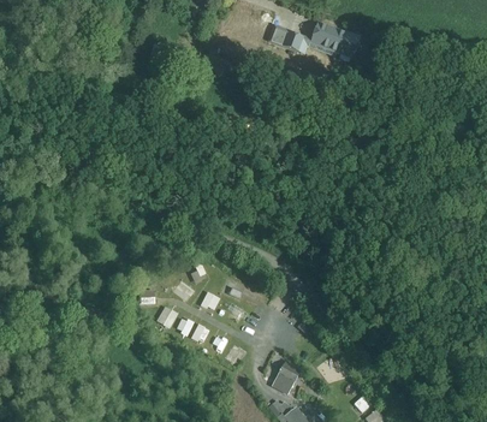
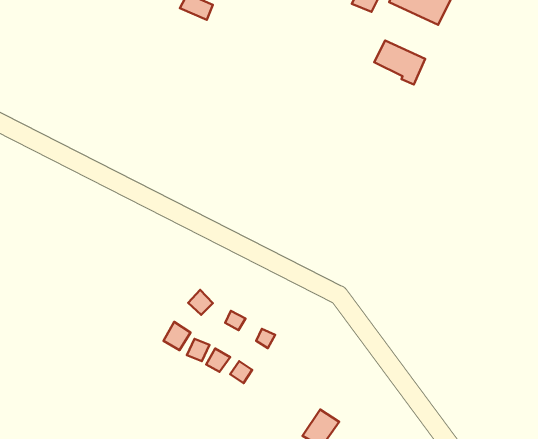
building: none -> [374,41,425,85]

